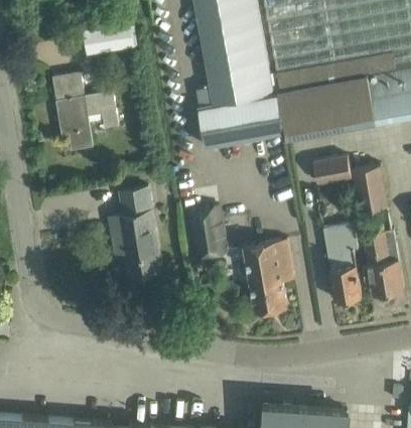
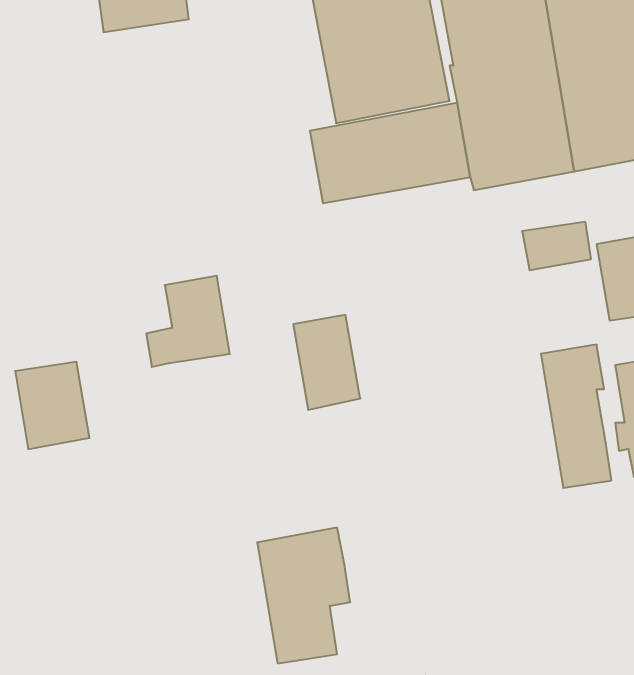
building: [52,72,120,149] -> none
building: [122,229,162,276] -> [15,362,90,449]
building: [244,239,294,312] -> [257,528,350,663]

